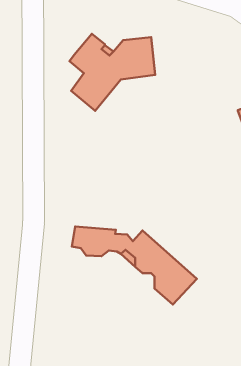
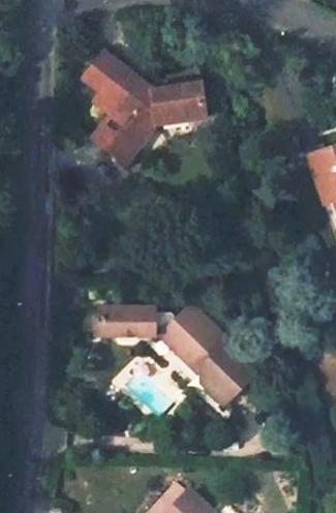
building: none -> [80,44,120,87]

